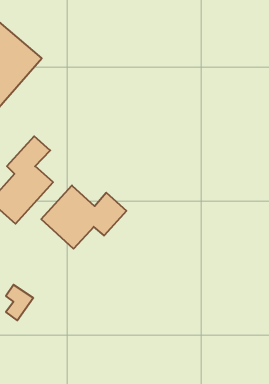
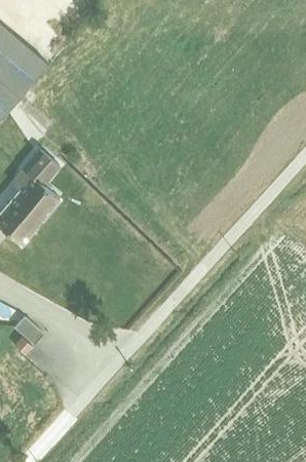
building: [41,185,126,249] -> none

